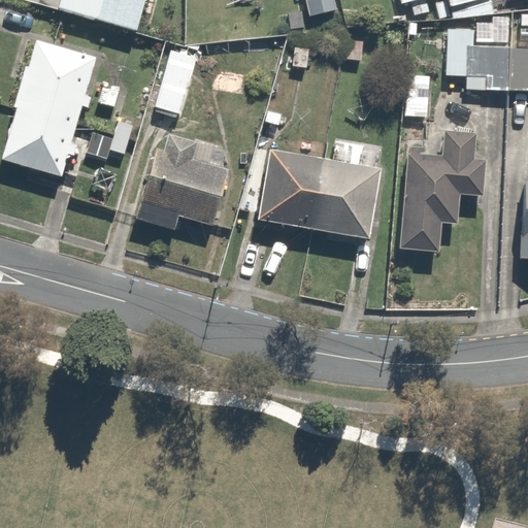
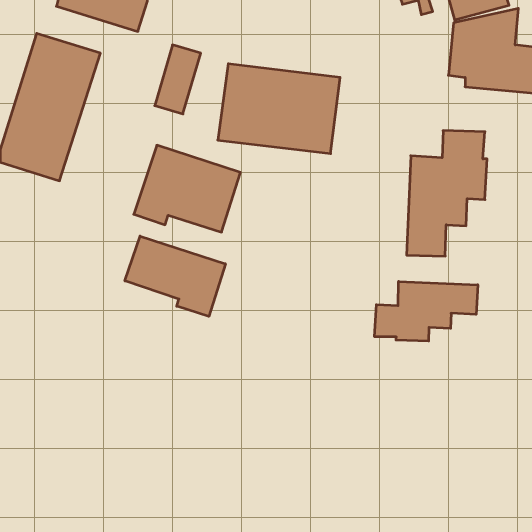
building: [256,151,376,239] -> [218,64,340,154]
building: none -> [125,236,225,316]
building: none -> [375,281,478,341]

